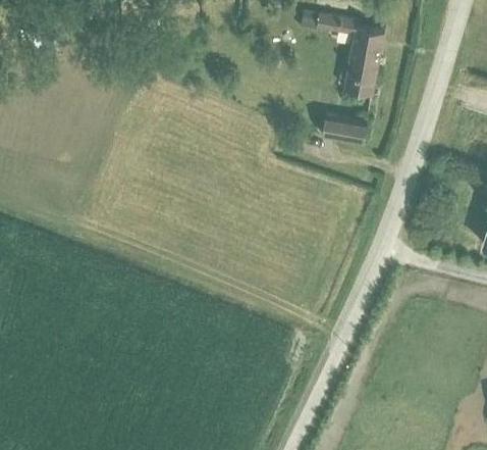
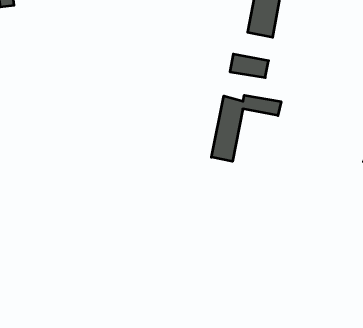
building: none -> [211,95,281,161]

